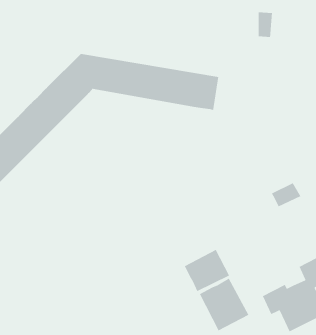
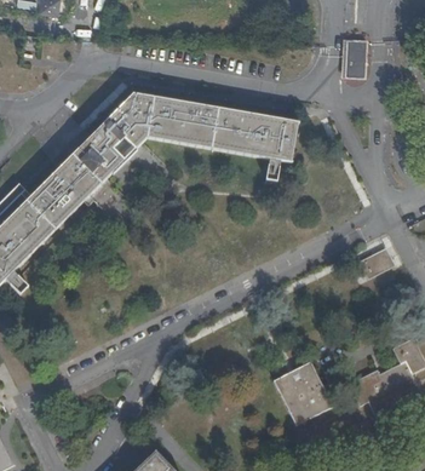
building: [184,249,230,292] -> none

